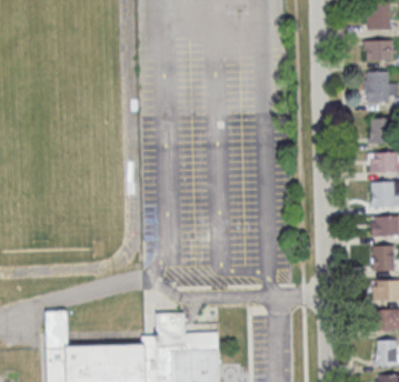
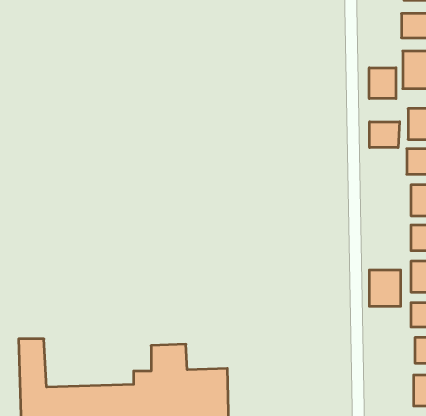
building: none -> [369,68,396,99]
building: none -> [370,122,400,148]
building: none -> [369,270,401,306]

